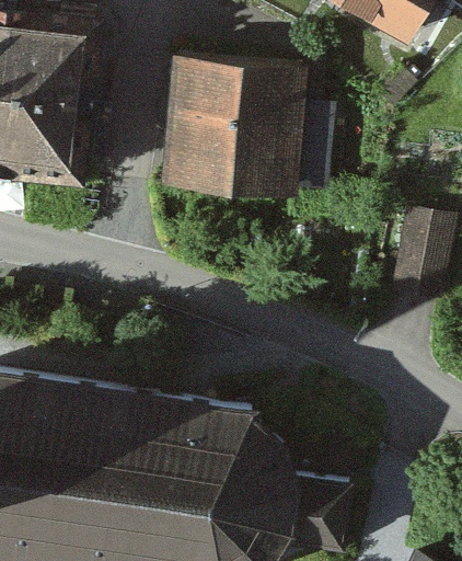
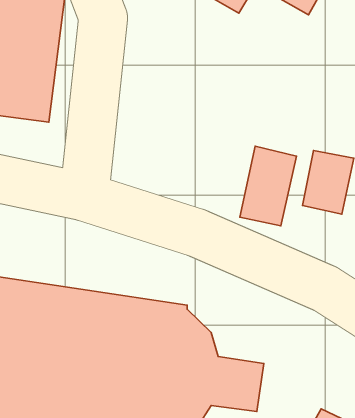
building: [162,58,327,190] -> none
building: none -> [240,146,297,226]

